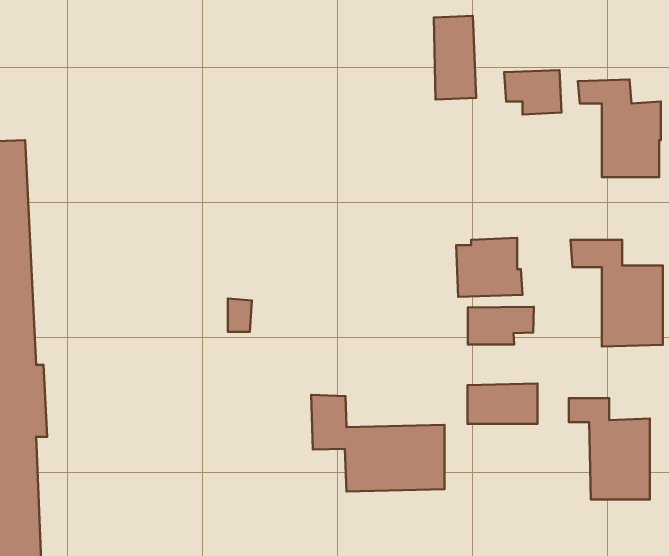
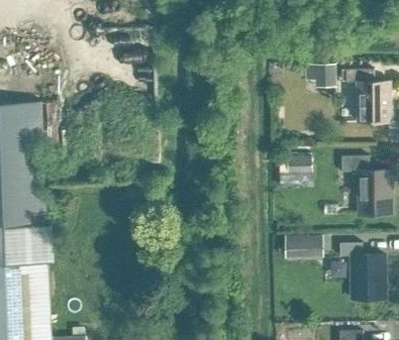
building: [434,16,476,99] -> none
building: [468,307,534,345] -> none
building: [311,395,445,492] -> none

